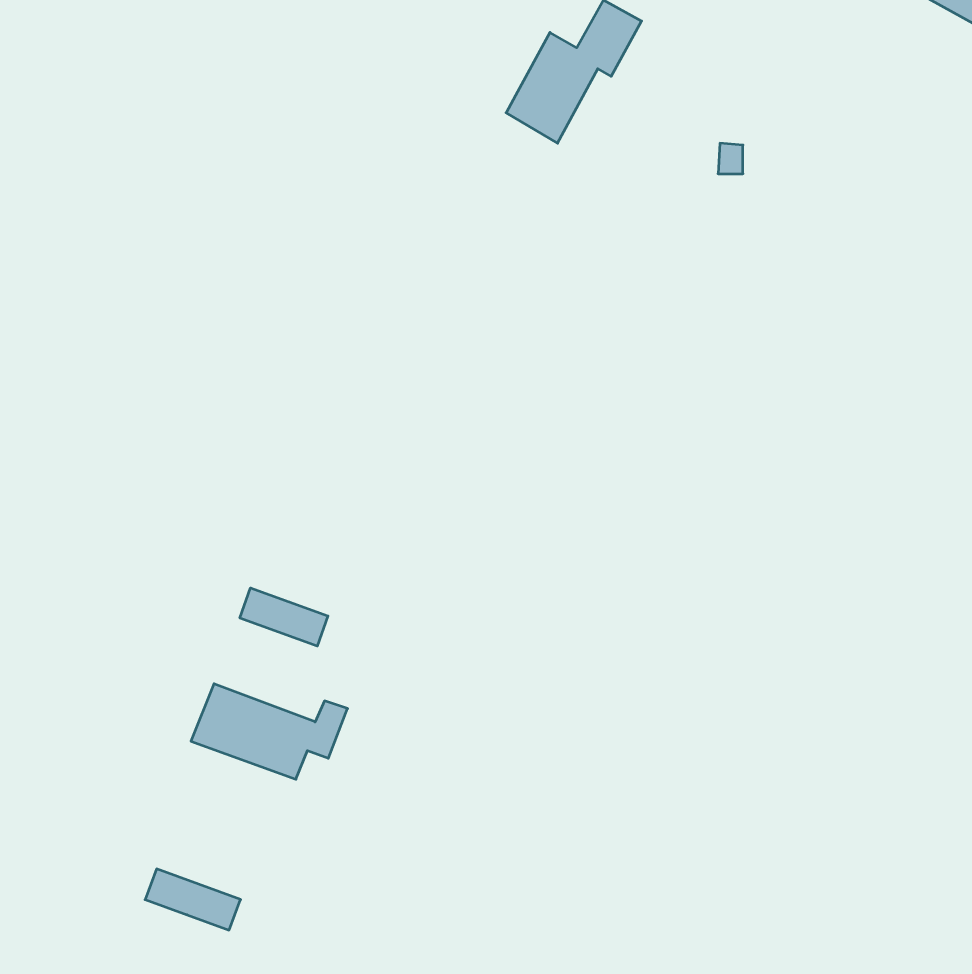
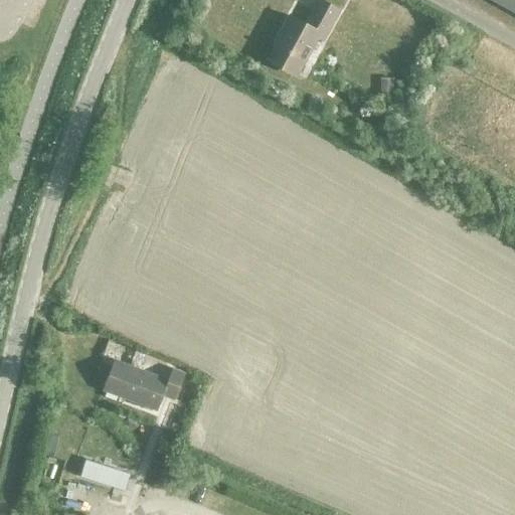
building: [240,588,328,646] -> none

